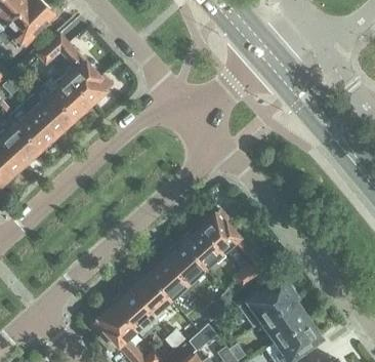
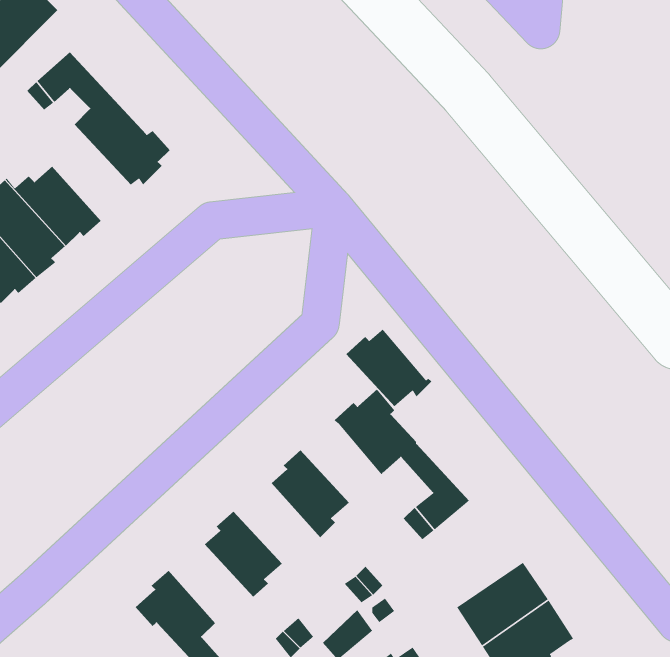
building: [49,72,90,122] -> none
building: [178,228,223,269] -> [345,328,432,407]
building: [143,258,189,300] -> none
building: [245,277,296,323] -> none
building: [110,290,154,331] -> none

